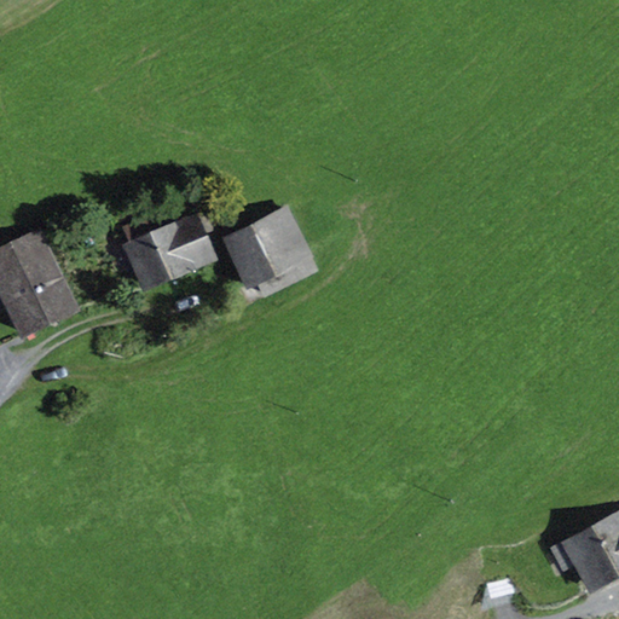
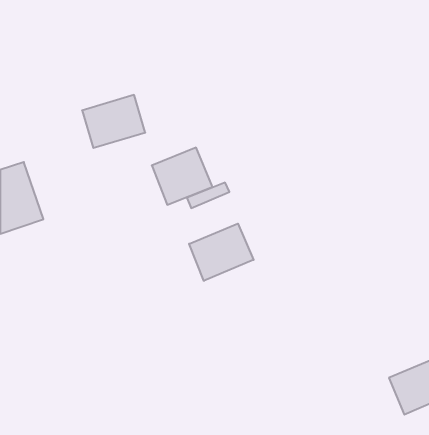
building: [123,213,213,288] -> [82,95,145,148]
building: none -> [189,224,254,281]

